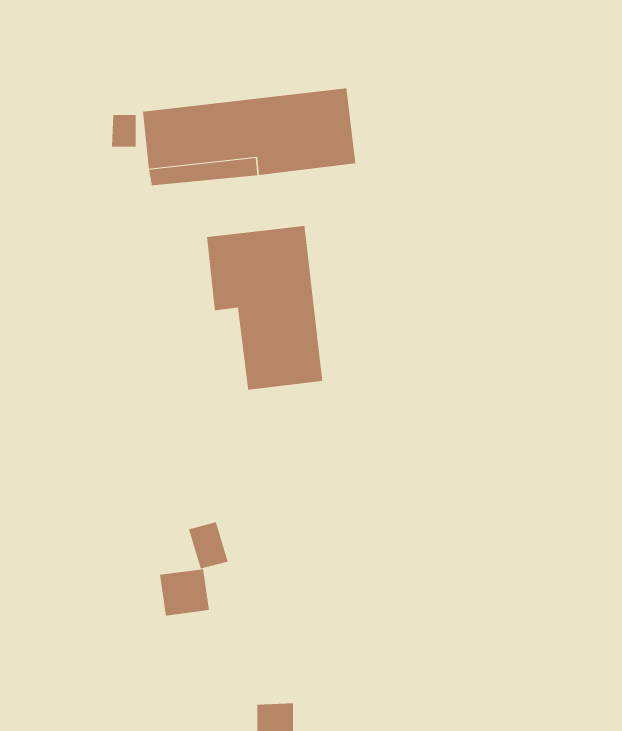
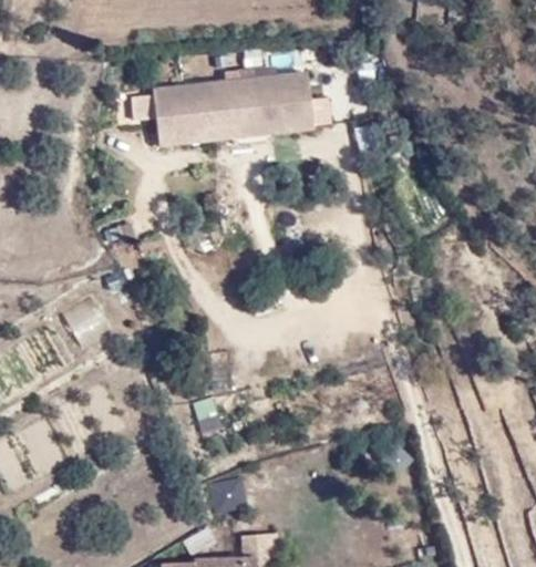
building: [207,225,323,391] -> none
building: [159,569,210,616] -> [207,475,245,511]

